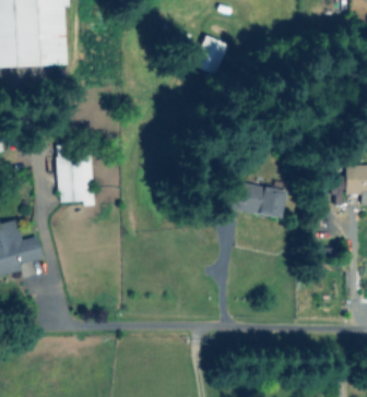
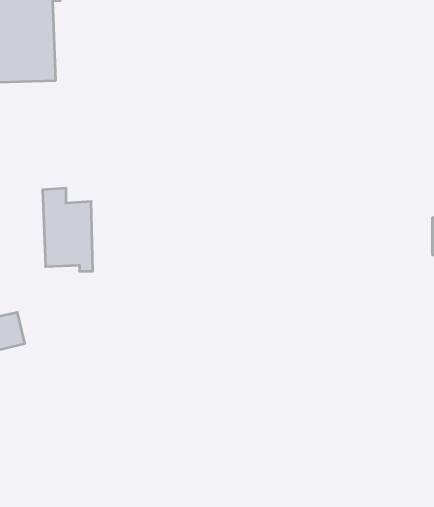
building: [193,35,228,74] -> none
building: [222,180,285,217] -> none

